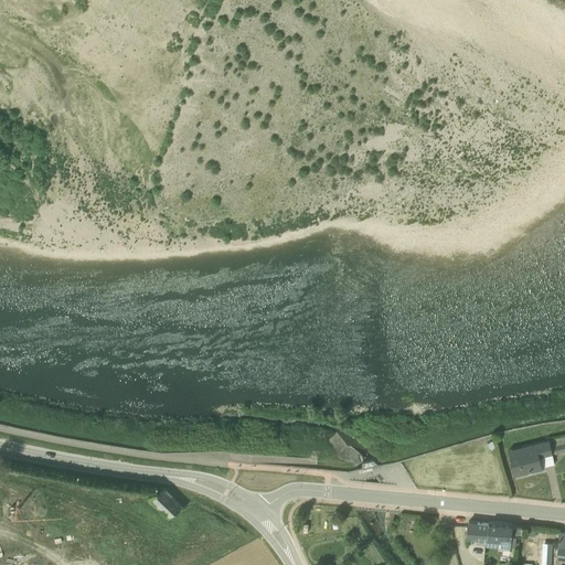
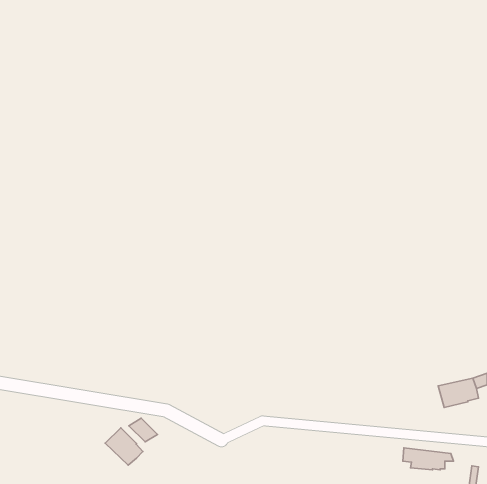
building: none -> [105,428,143,465]

